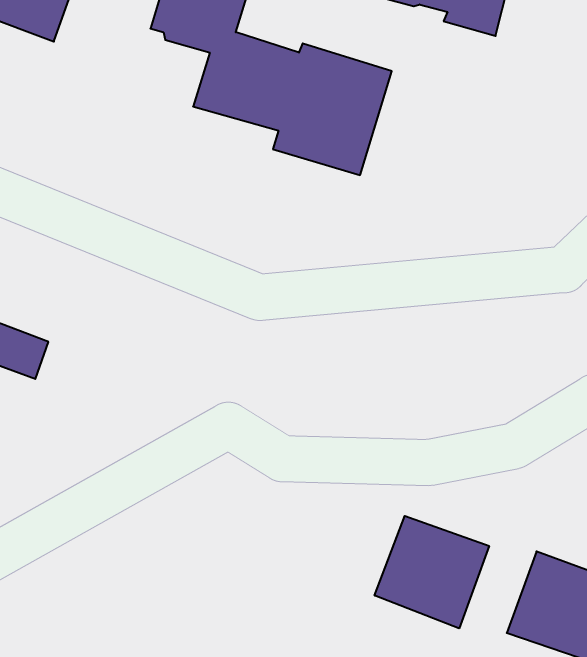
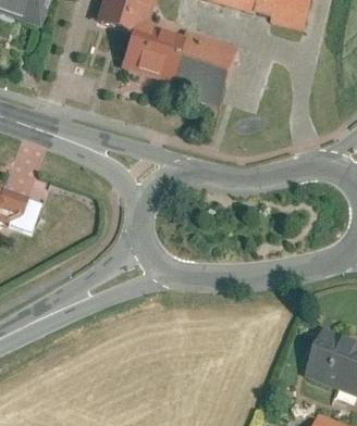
building: [375,516,489,628] -> none

